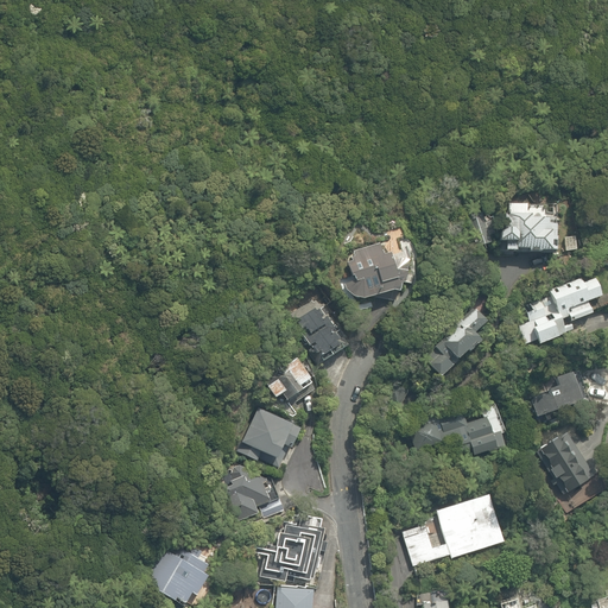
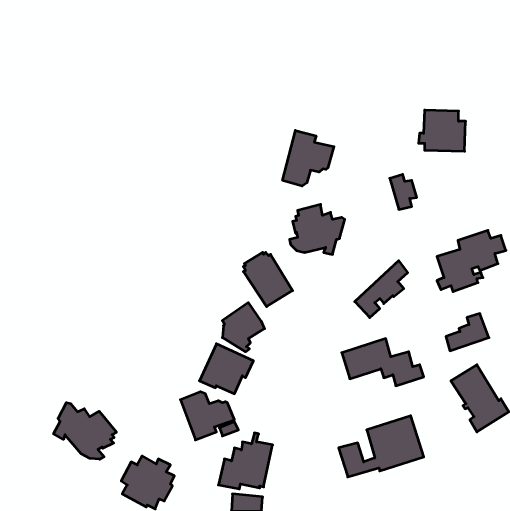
building: none -> [283,130,334,186]
building: [499,203,555,252] -> [419,110,466,151]
building: none -> [54,403,116,459]

